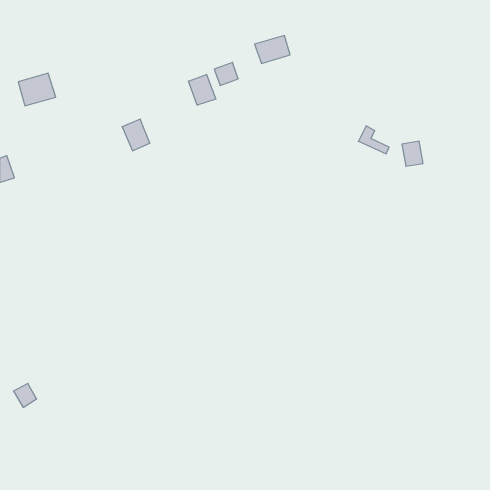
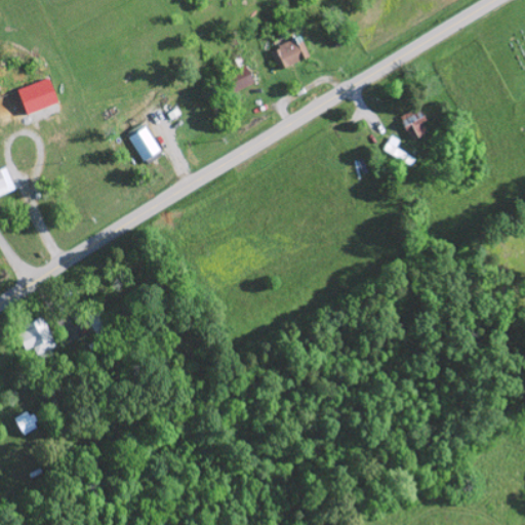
building: [188,74,216,105] -> none
building: [402,141,423,166] -> [404,111,427,137]
building: none -> [19,318,55,354]

